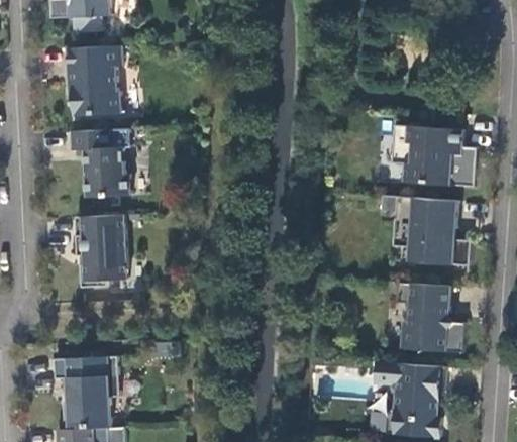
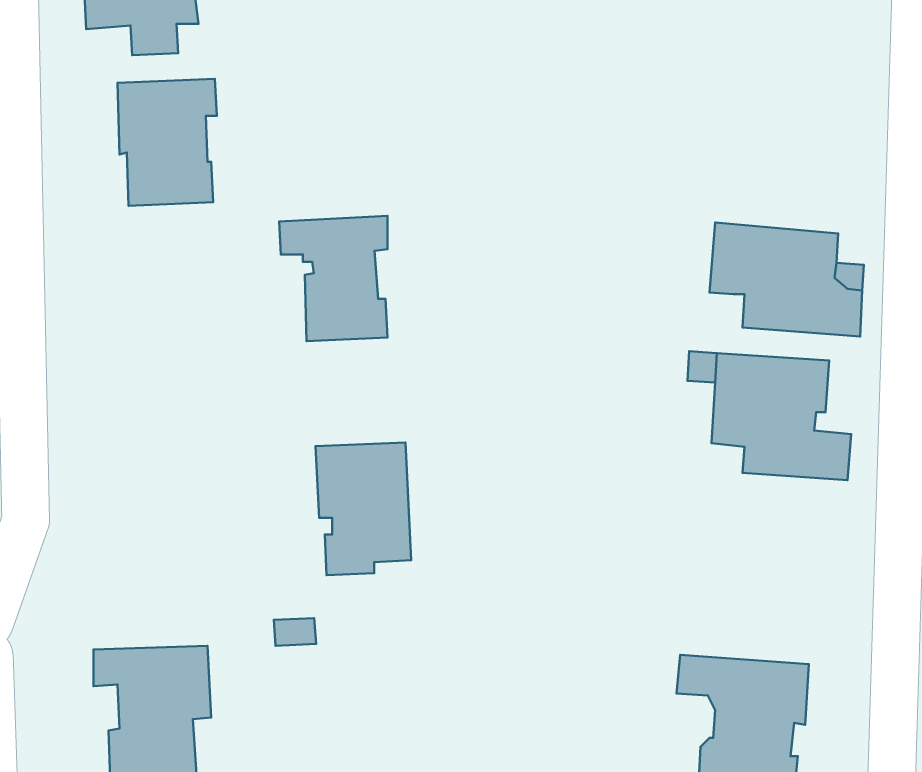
building: [71,129,130,198] -> [279,216,388,341]
building: [75,215,127,288] -> [315,443,411,575]
building: [397,283,464,353] -> none

